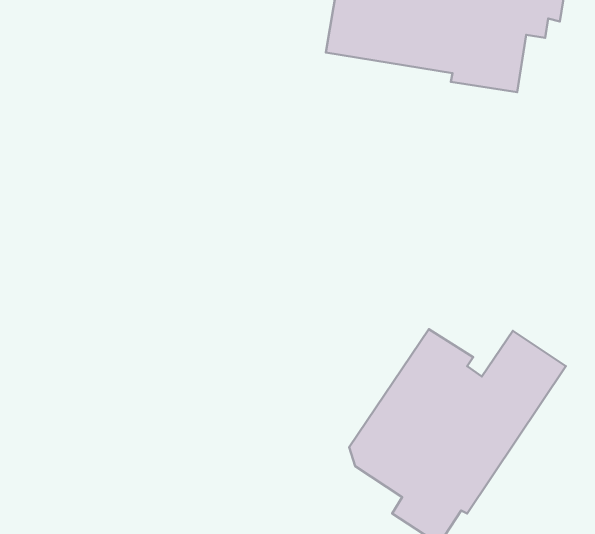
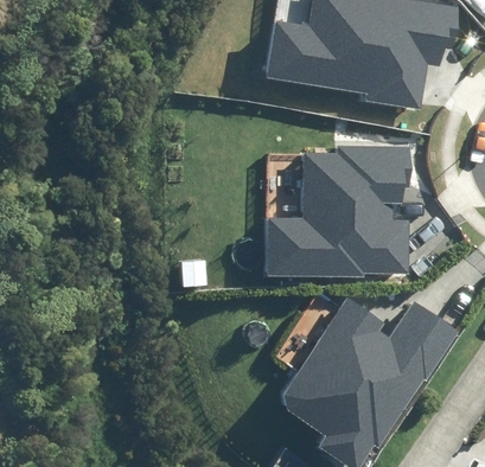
building: none -> [268,145,409,277]

